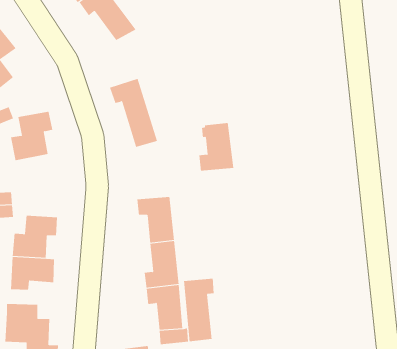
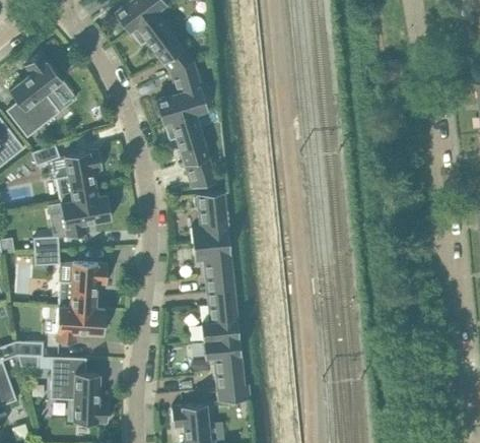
building: none -> [155,61,208,124]
building: [198,122,234,171] -> [191,192,229,245]
building: none -> [60,195,112,238]
building: [183,278,214,342] -> none

